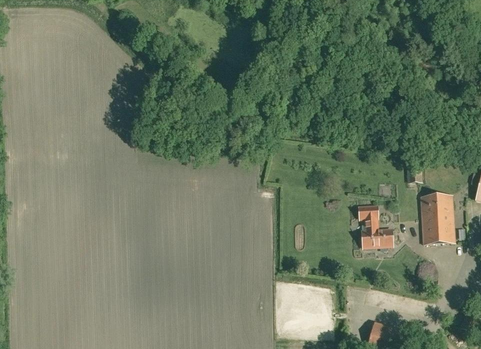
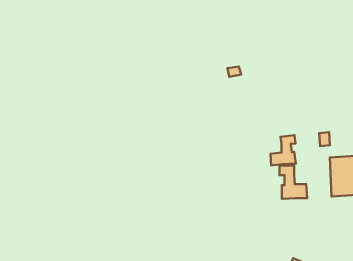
building: none -> [271,135,296,165]

